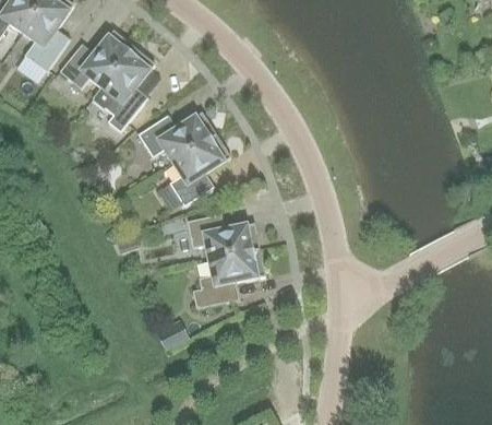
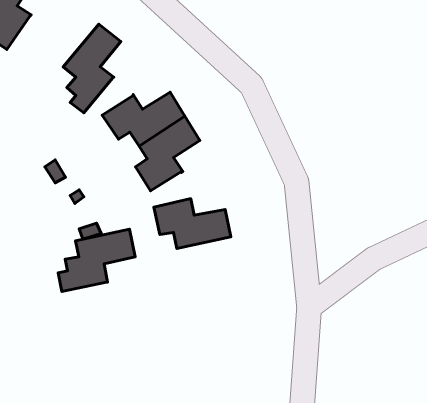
building: [59,29,134,88] -> none
building: [192,249,265,308] -> [58,229,135,291]
building: [156,319,190,351] -> none

